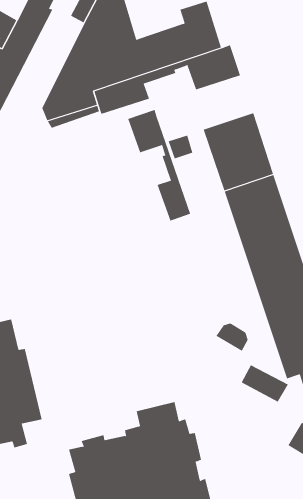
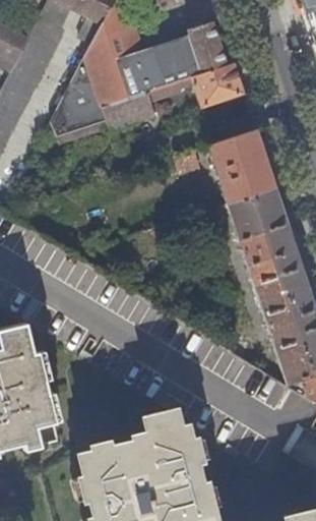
building: [127,109,191,222] -> none

